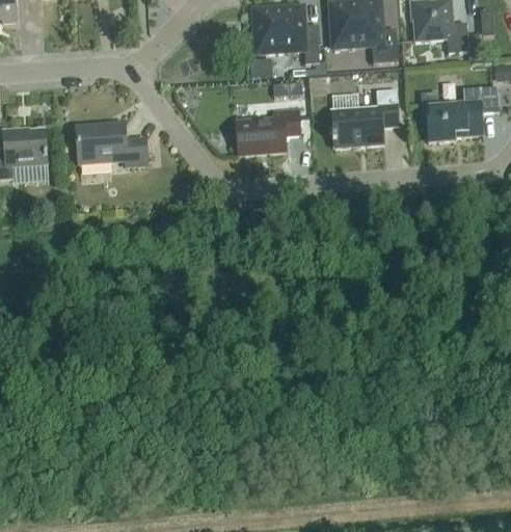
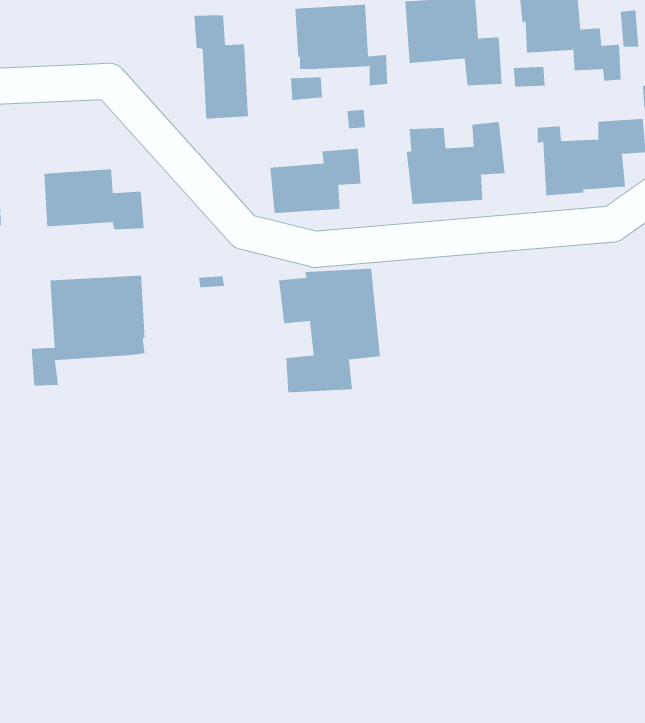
building: none -> [194,14,249,120]
building: none -> [278,268,380,393]
building: none -> [31,275,145,387]

